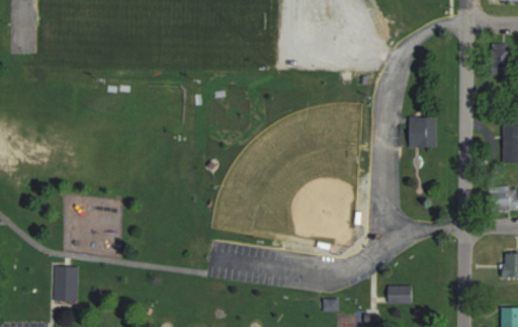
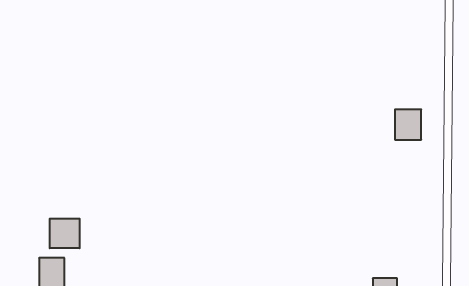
building: none -> [50,219,80,248]

